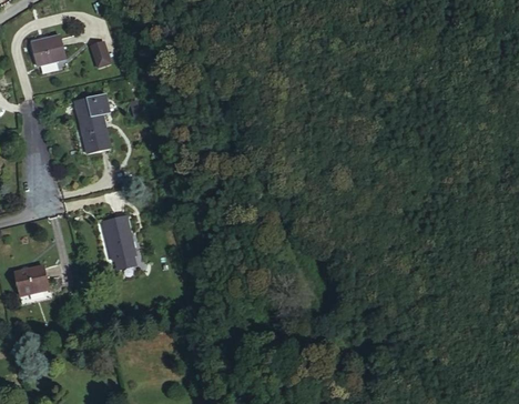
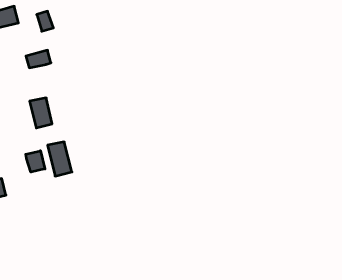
building: [79,113,109,153] -> [30,98,52,128]
building: none -> [26,151,45,172]

